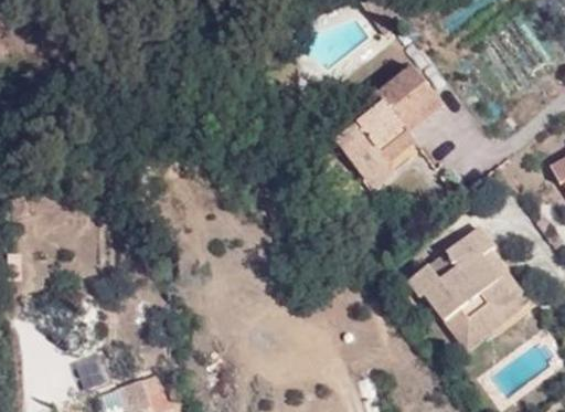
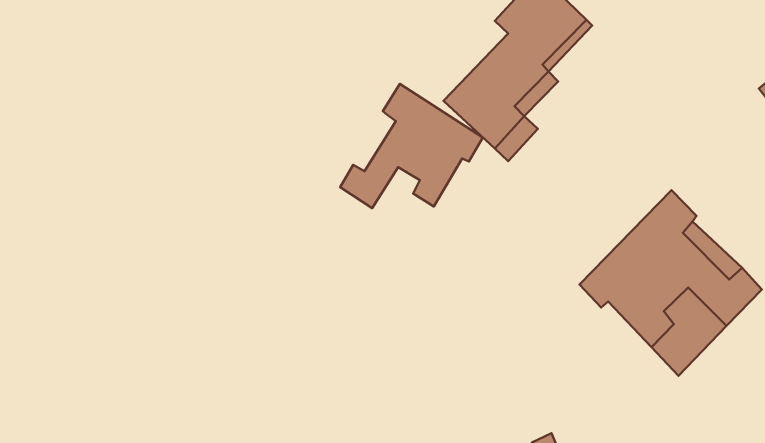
building: none -> [340,84,483,208]

